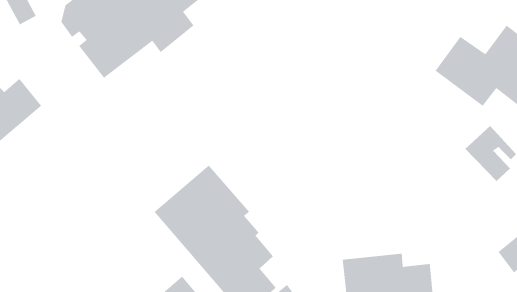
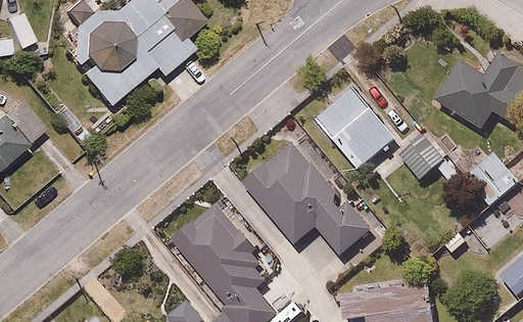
building: none -> [313,83,398,170]
building: none -> [397,133,444,180]
building: none -> [247,142,374,260]

